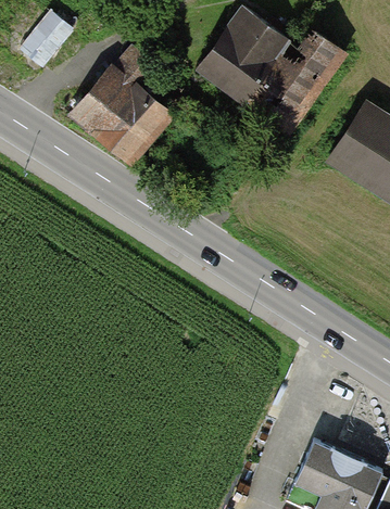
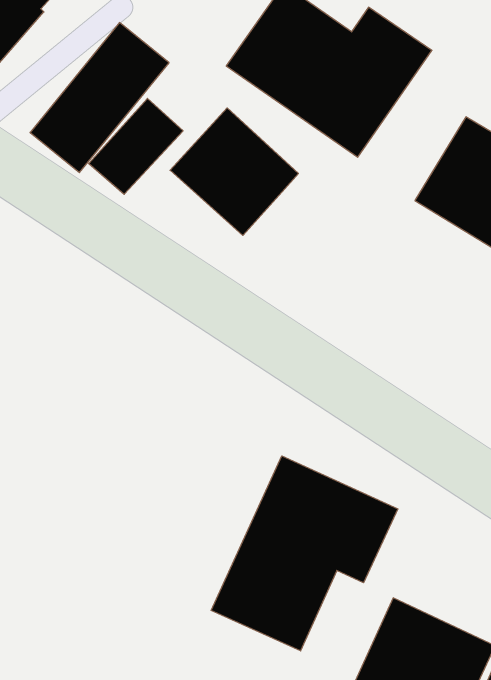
building: none -> [170,108,298,235]
building: none -> [211,456,398,651]

